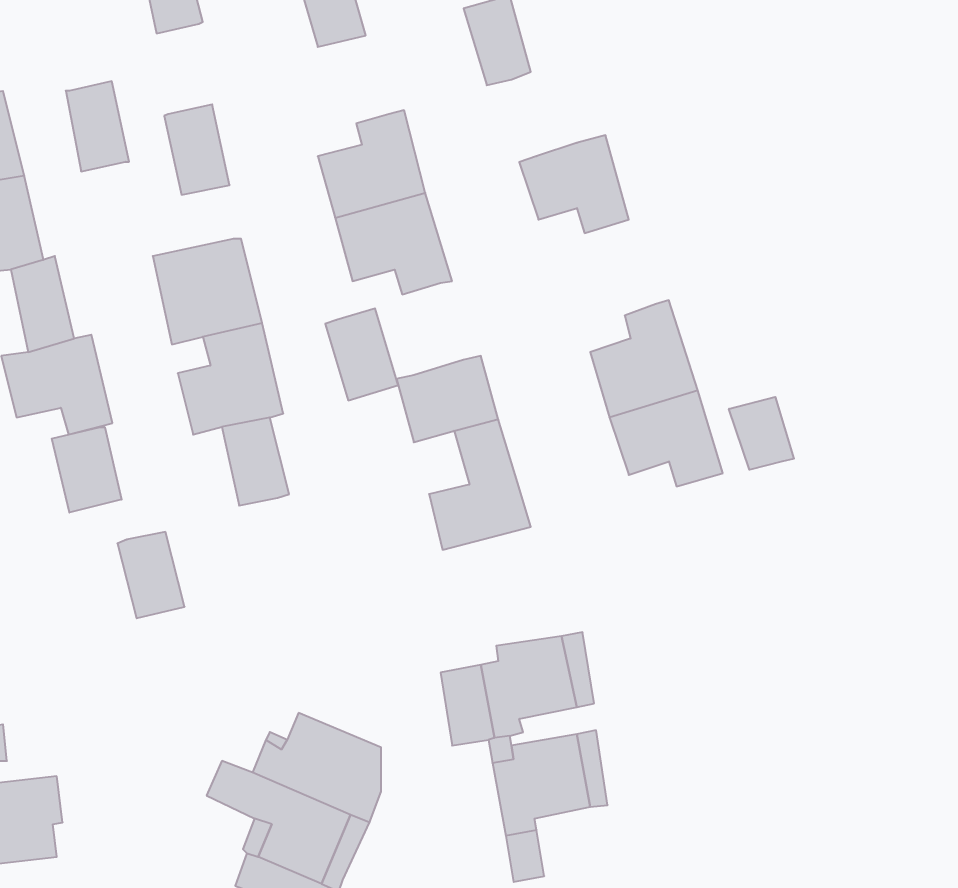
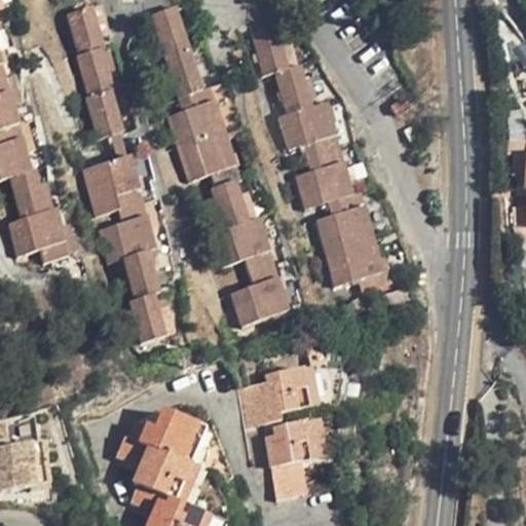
building: none -> [172,48,210,99]
building: none -> [275,64,310,113]
building: [66,81,129,171] -> [83,42,117,90]
building: none -> [298,147,352,205]
building: [325,308,398,400] -> [211,181,250,230]
building: [729,397,794,470] -> none
building: [52,427,122,513] -> none
building: [117,532,185,618] -> [124,296,160,342]

